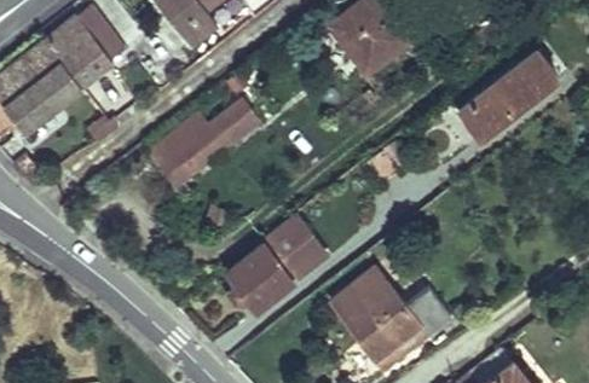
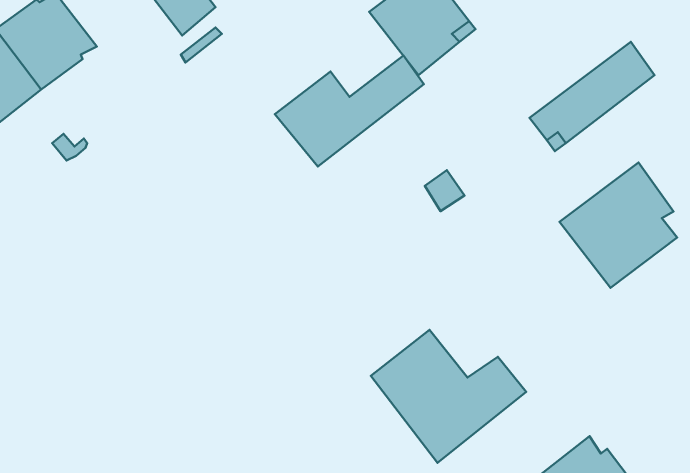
building: [145,101,259,186] -> [275,56,424,166]
building: none -> [560,163,677,288]
building: [231,217,329,311] -> none

